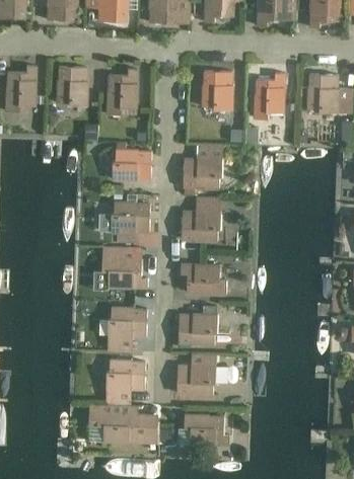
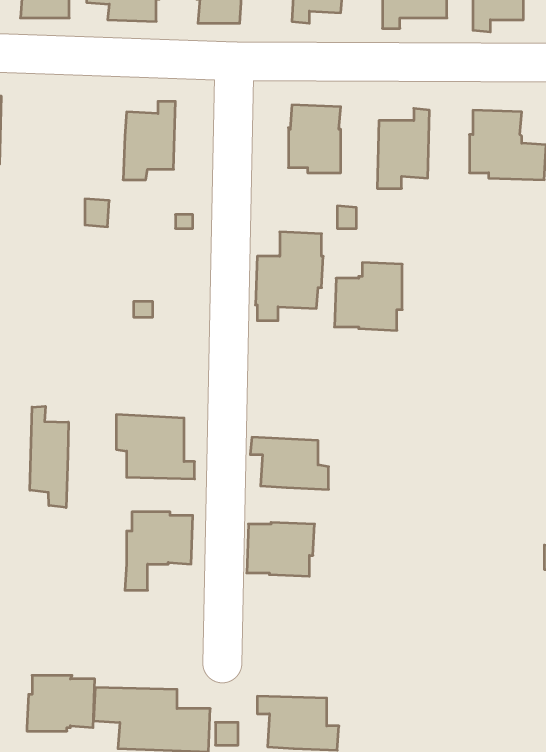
building: [55,66,86,105] -> none
building: [112,149,151,179] -> none
building: [111,202,149,232] -> none
building: [181,202,220,241] -> [334,263,402,330]
building: none -> [30,406,68,508]
building: [176,358,216,395] -> none
building: [105,360,145,392] -> [27,675,95,731]

